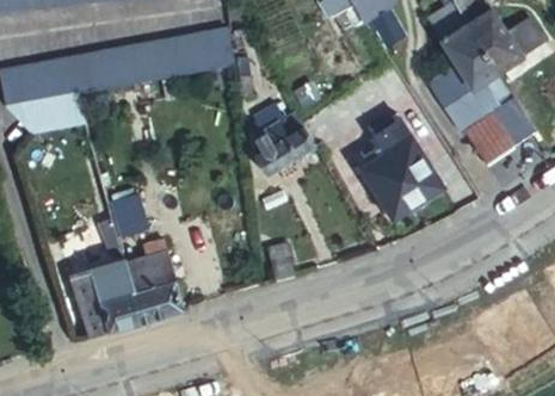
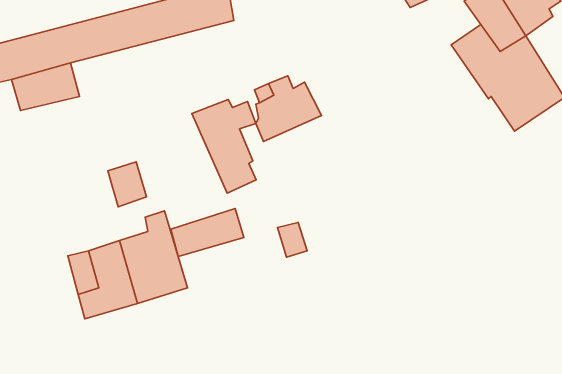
building: [359,120,443,216] -> none
building: none -> [192,100,256,193]
building: none -> [171,208,244,257]

